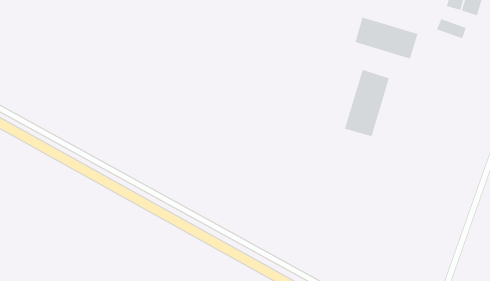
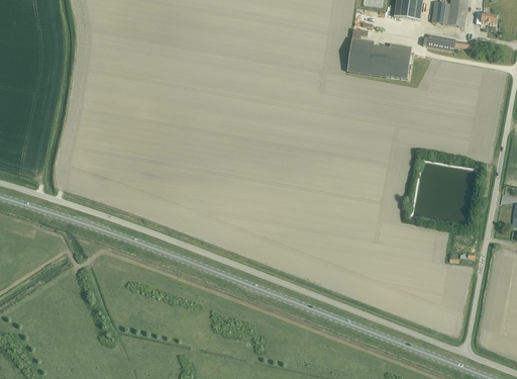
building: [344,69,390,137] -> none

